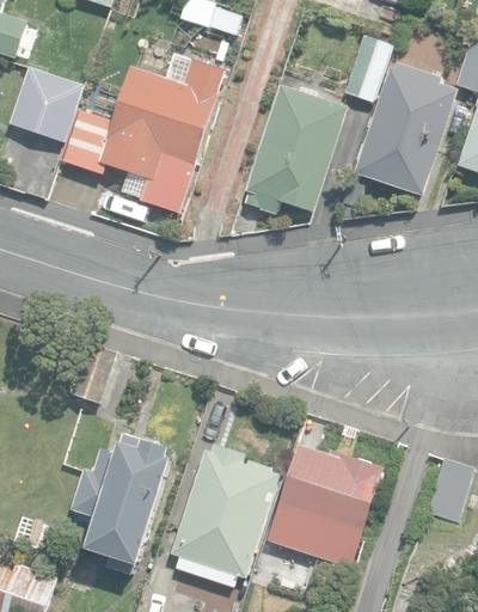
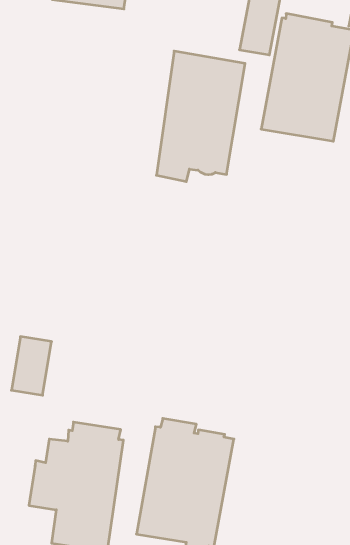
building: [98,53,223,213] -> none
building: [276,445,382,536] -> none

